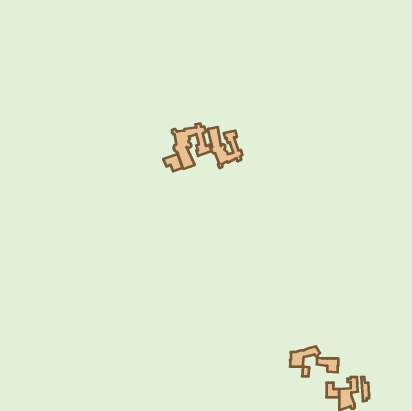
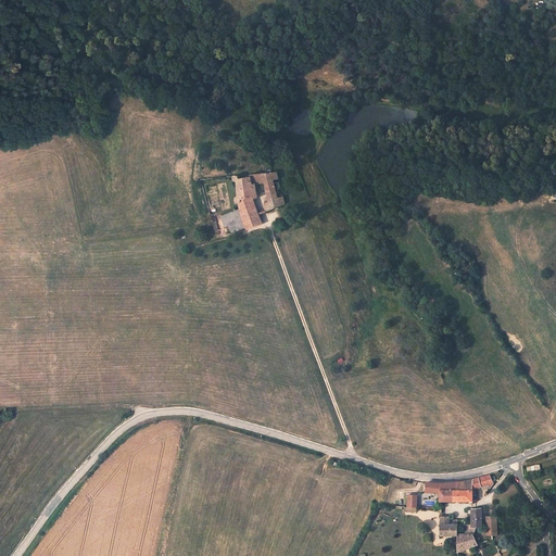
building: [208,127,242,168] -> none
building: [290,346,320,367] -> [454,476,494,503]

